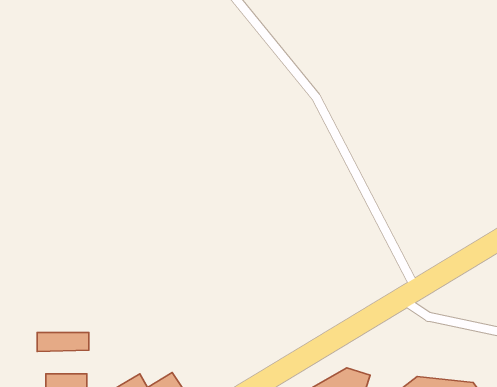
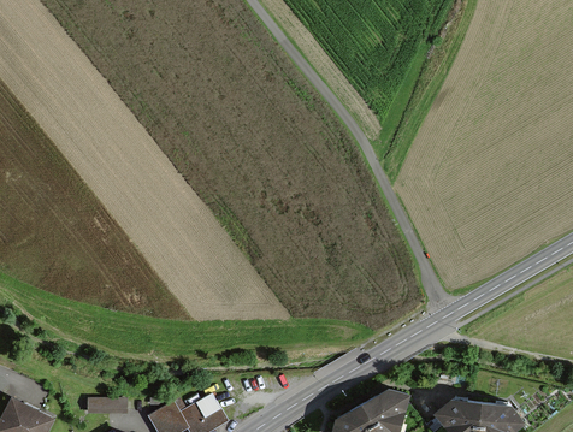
building: [37,333,89,351] -> none

